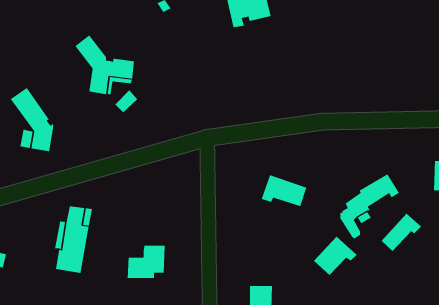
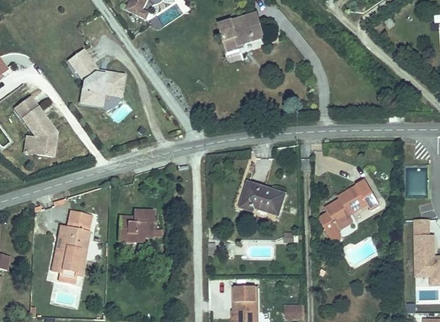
building: [381,213,422,252] -> none
building: [313,236,357,276] -> none
building: [127,245,165,279] -> [119,209,155,240]

